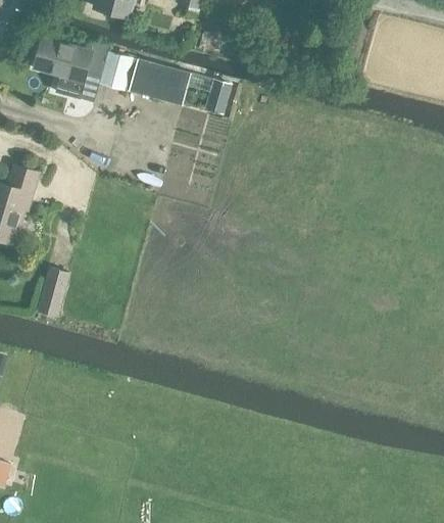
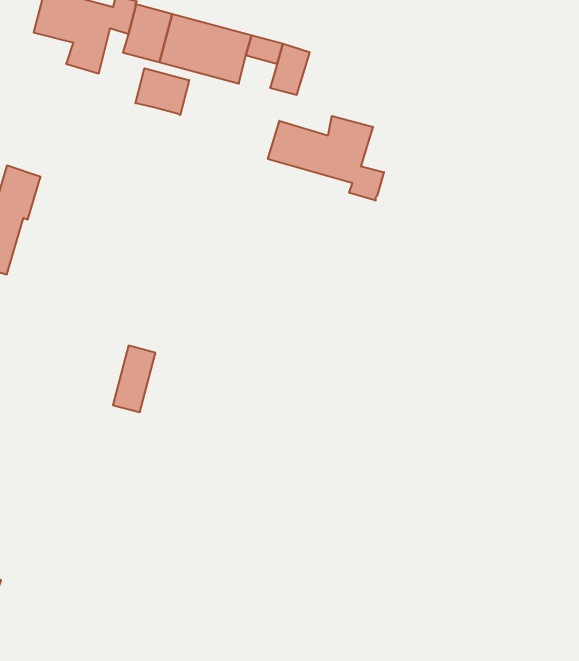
building: none -> [135,68,189,115]
building: none -> [268,116,384,201]
building: [37,268,67,316] -> [113,346,155,412]

